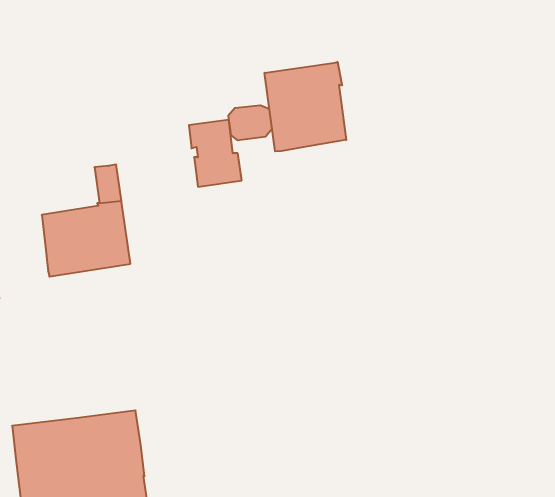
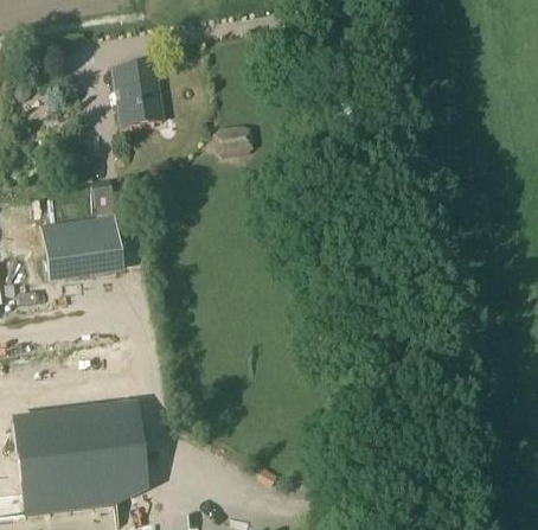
building: [265,62,346,151] -> none
building: [189,120,242,187] -> [114,63,162,124]

